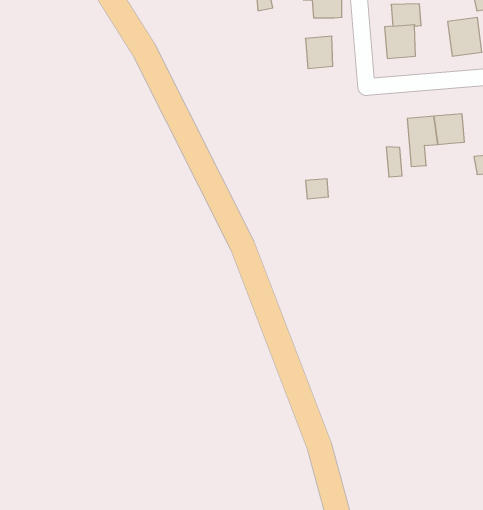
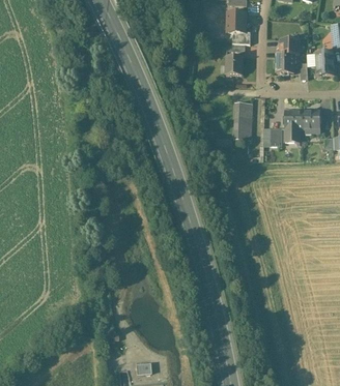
building: none -> [235,103,253,140]

